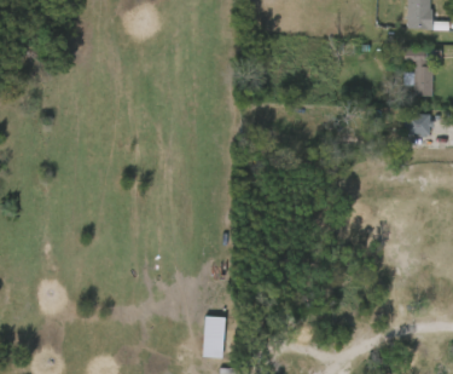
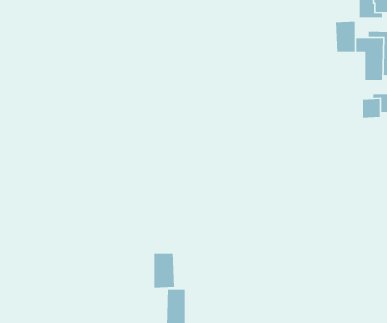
building: none -> [335,21,355,53]
building: none -> [154,253,175,289]

